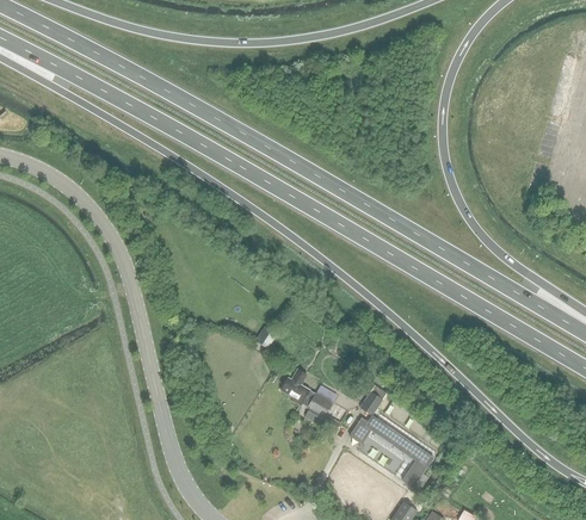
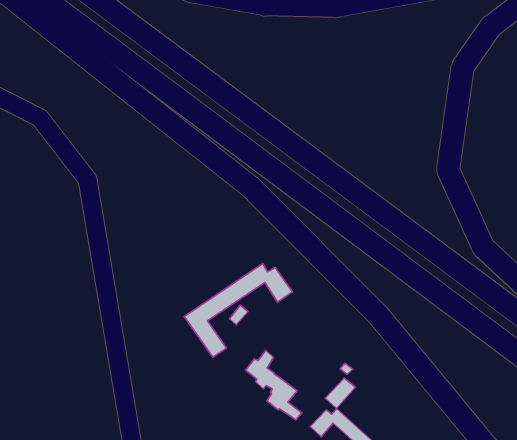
building: none -> [184,264,293,357]

